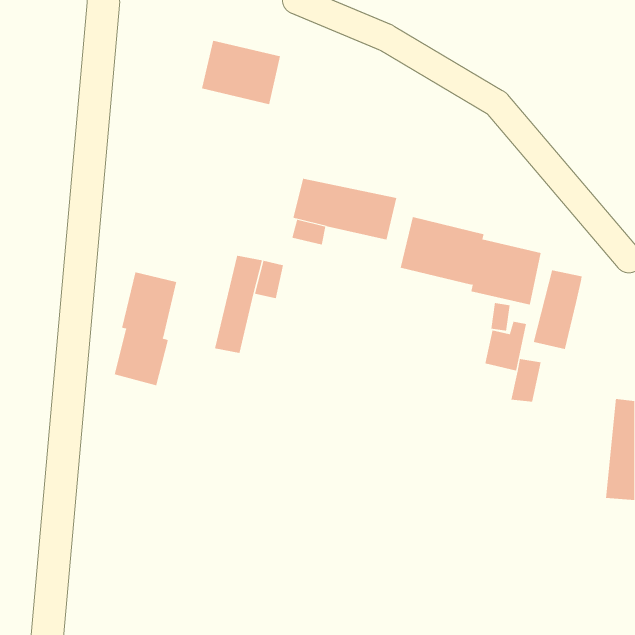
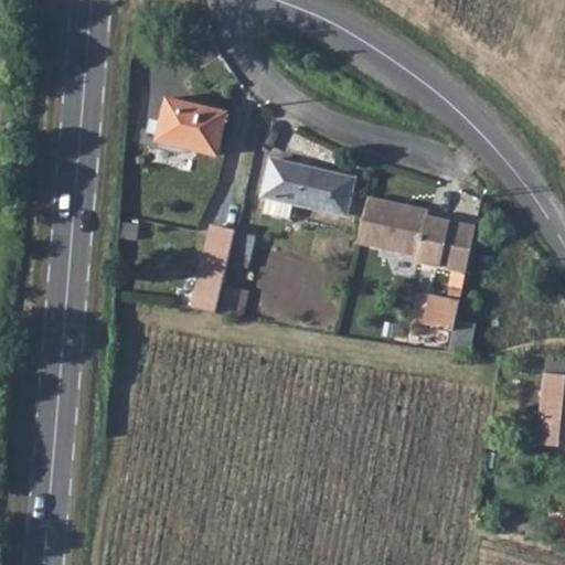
building: [201,40,281,105] -> [154,99,225,157]
building: [533,269,582,350] -> none
building: [114,271,177,386] -> none

